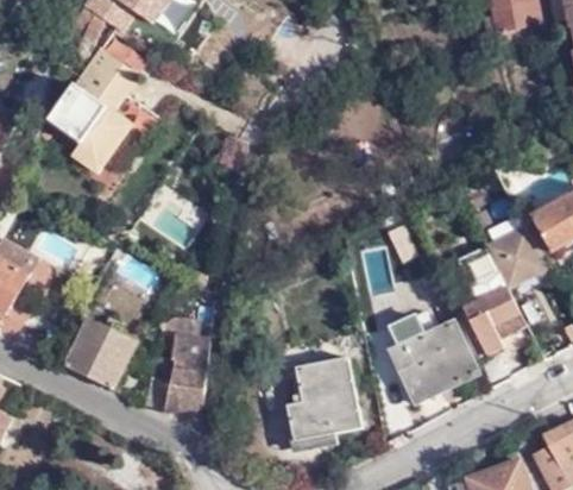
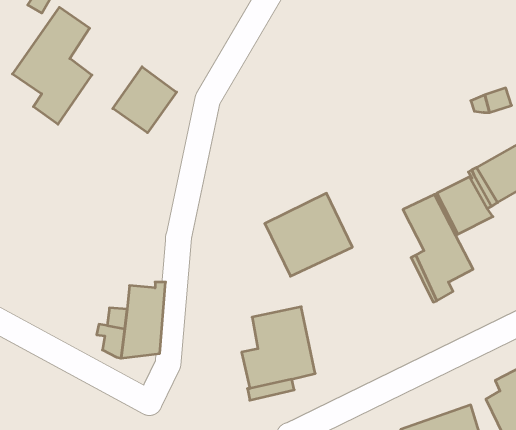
building: none -> [113,67,177,133]
building: [67,315,137,388] -> none
building: [386,318,476,402] -> [265,193,352,276]

